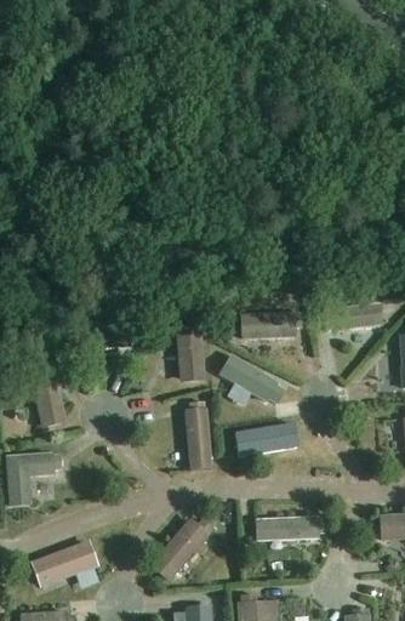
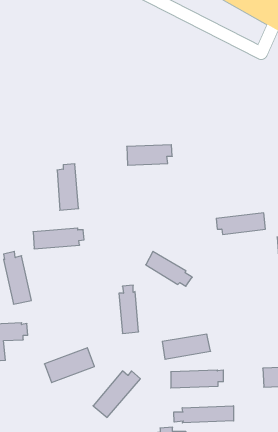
building: [240,312,302,340] -> [127,145,172,165]
building: [176,319,205,382] -> [57,164,79,210]
building: [234,423,300,457] -> [162,334,211,359]
building: [30,540,98,587] -> [44,348,94,383]
building: none -> [174,406,234,423]

